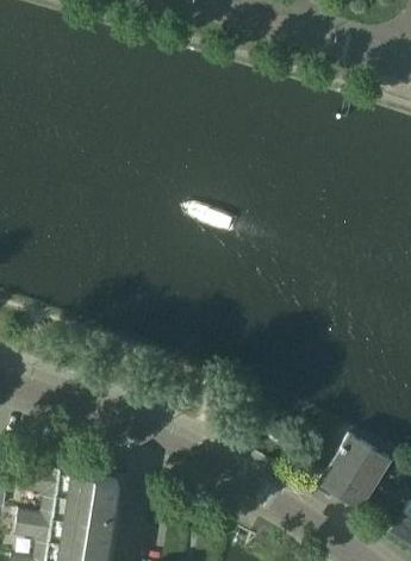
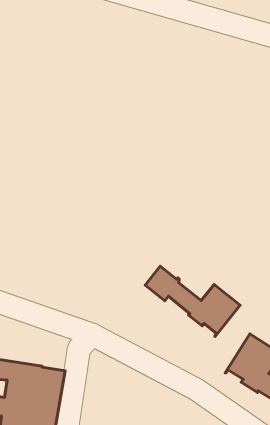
building: none -> [145,266,240,337]

